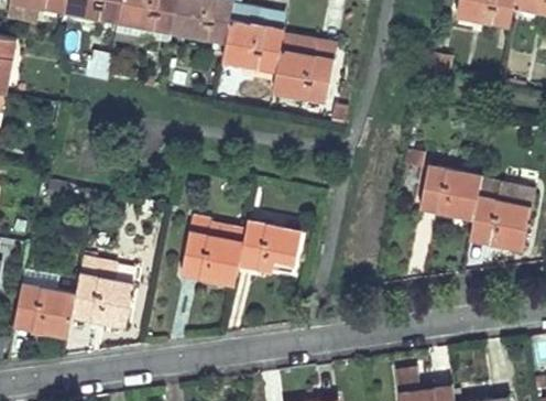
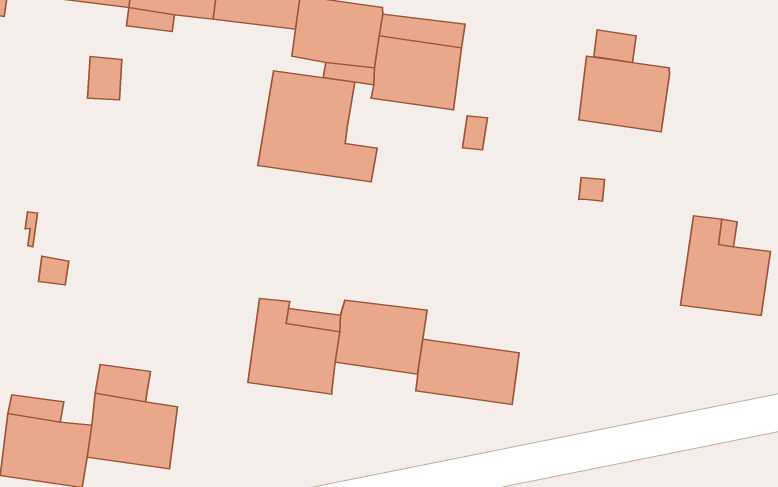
building: none -> [258,71,377,182]
building: [419,165,481,218] -> [579,56,669,132]
building: none -> [416,339,519,405]

